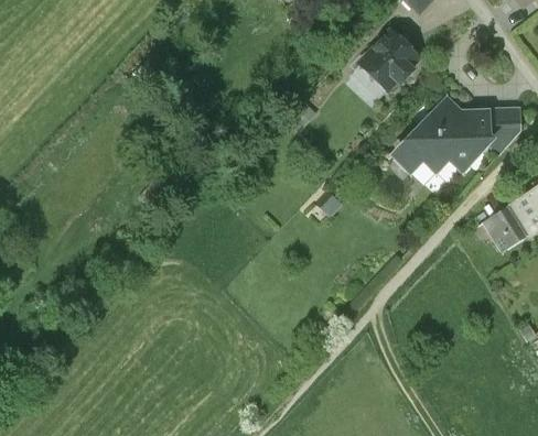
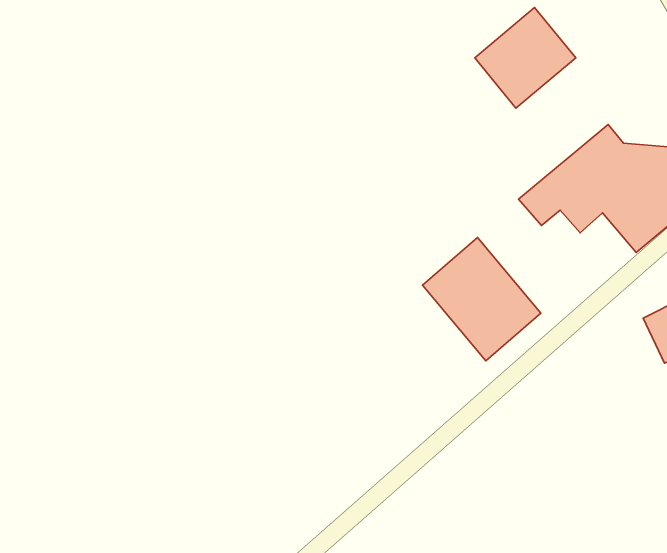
building: none -> [423,237,541,361]

